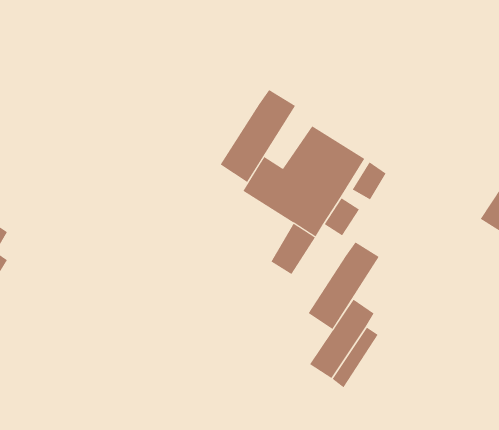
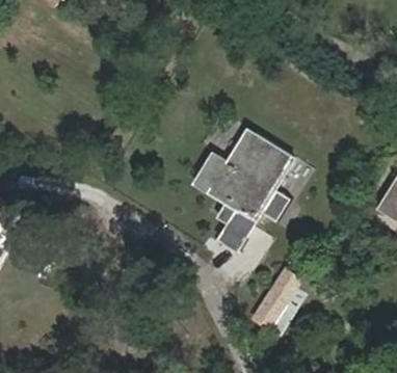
building: [220,89,296,183] -> none
building: [308,242,380,330] -> none

